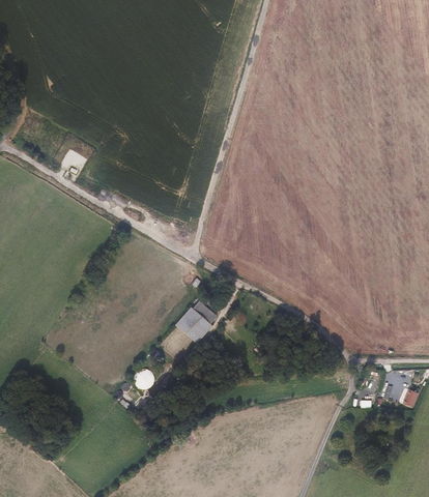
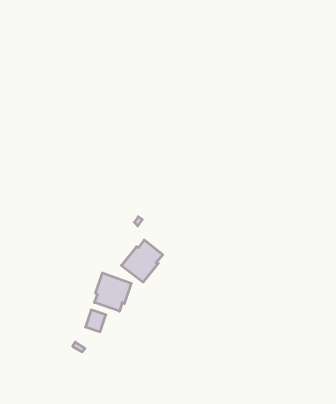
building: none -> [94,273,131,311]

